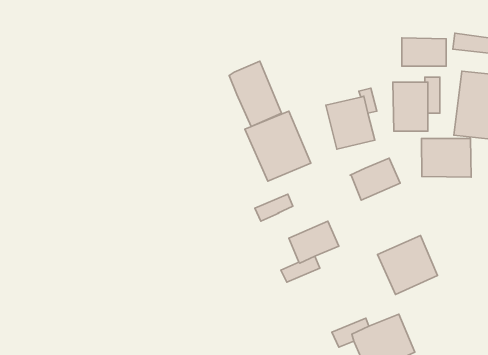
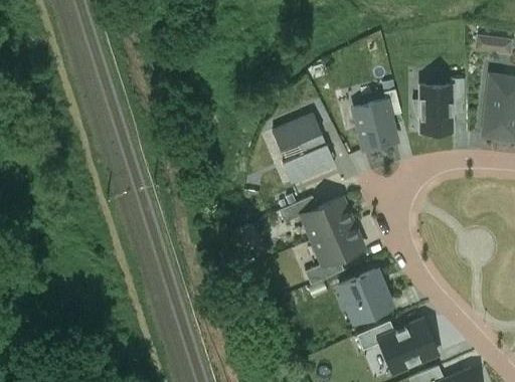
building: [402,38,446,66] -> none
building: [229,61,281,127] -> none
building: [422,139,471,177] -> none
building: [350,158,400,200] -> [302,199,352,241]
building: [377,235,437,294] -> [335,267,395,327]

